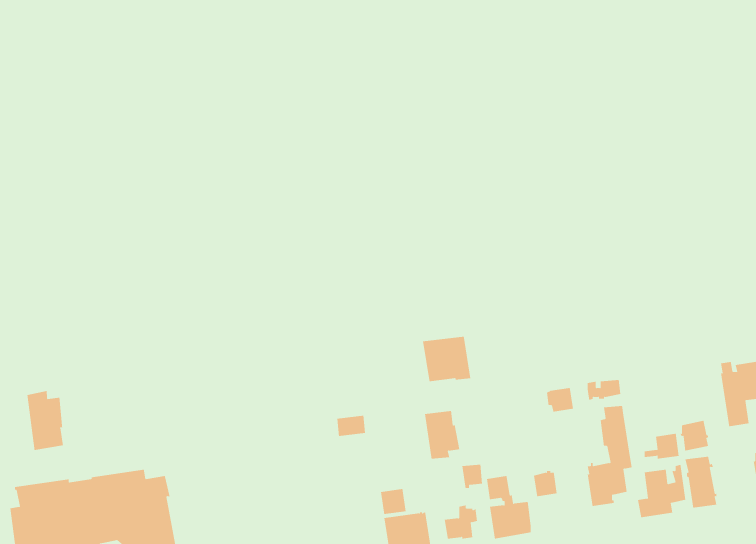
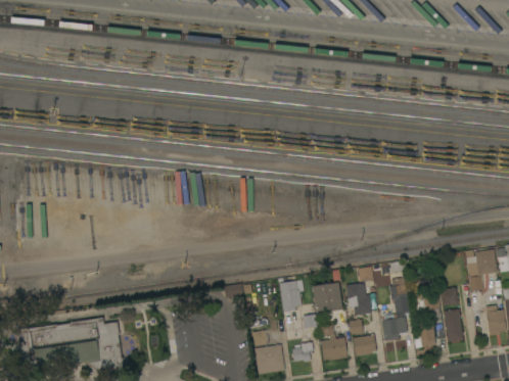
building: [422,336,471,382] -> [313,283,343,312]
building: [27,390,64,451] -> none
building: none -> [346,283,373,316]
building: none -> [354,334,377,356]

